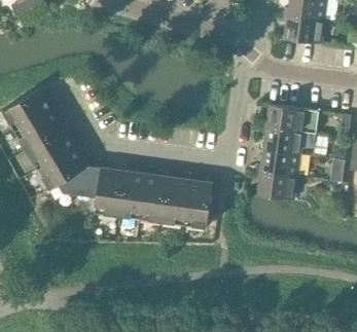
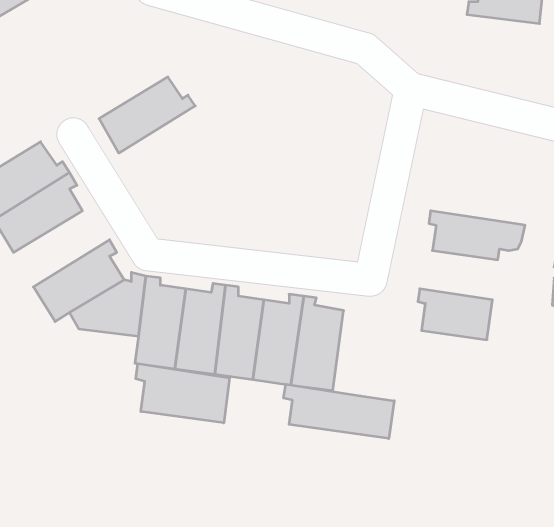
building: [282,15,324,44] -> none
building: [262,104,319,135] -> none
building: [26,126,80,170] -> [99,77,195,153]
building: [256,149,300,177] -> none
building: none -> [136,364,230,423]
building: none -> [284,384,394,439]

